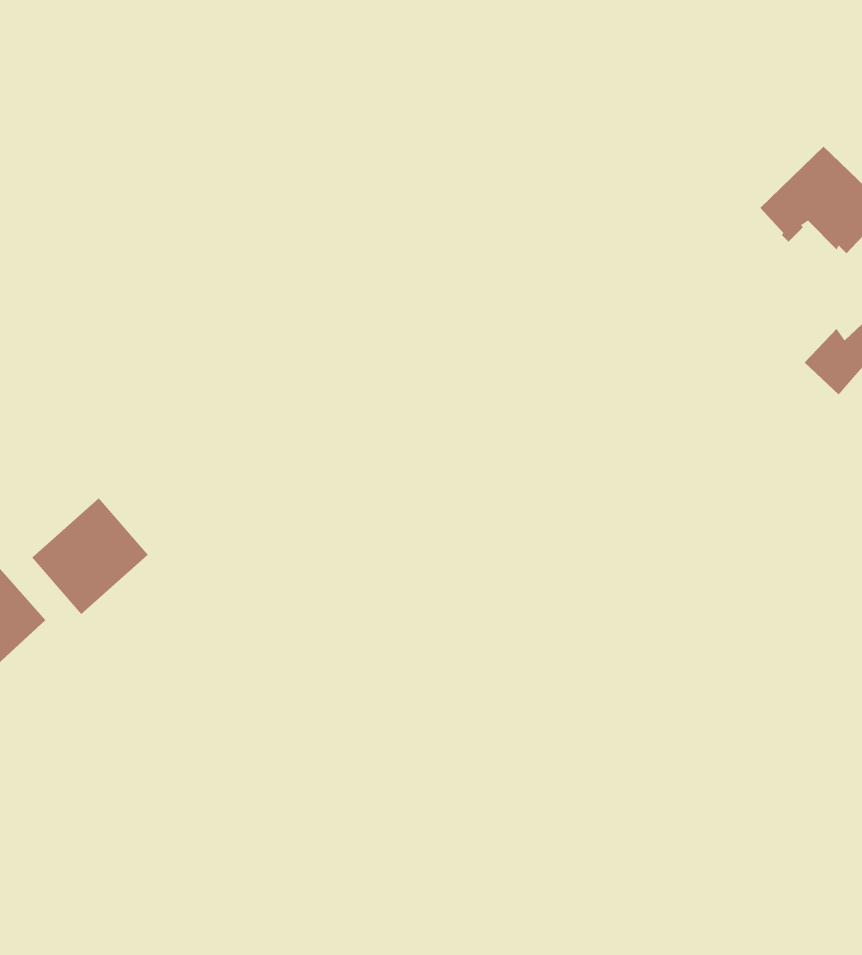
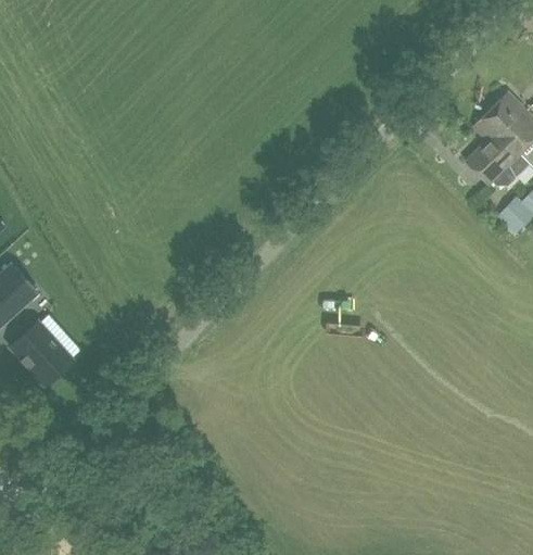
building: none -> [466,136,521,187]
building: [32,497,149,615] -> none

